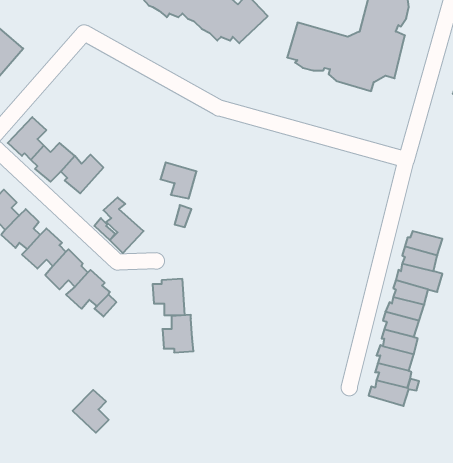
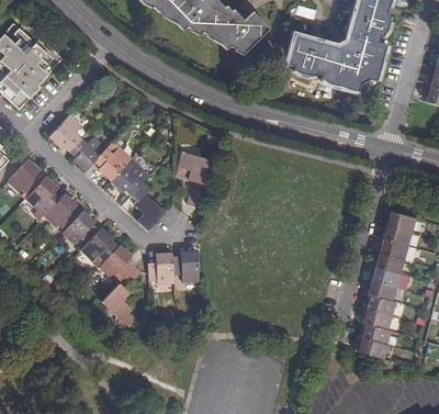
building: none -> [111,158,144,194]
building: [162,315,194,352] -> [148,254,175,286]
building: [73,390,109,433] -> [101,283,132,320]

